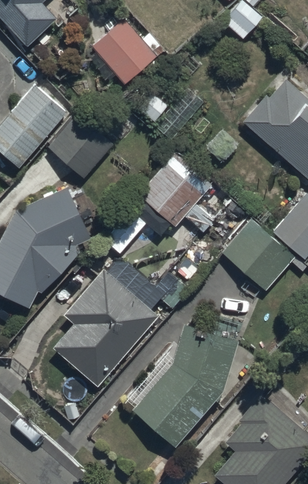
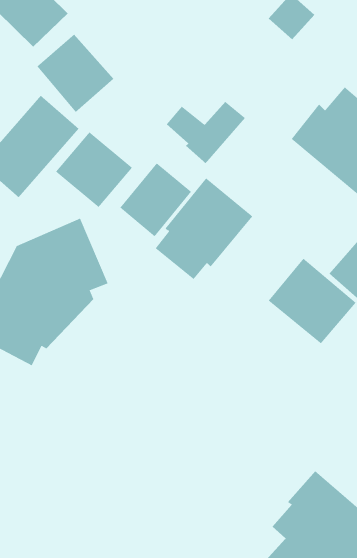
building: [91,20,155,85] -> [37,34,114,113]
building: none -> [119,162,192,237]
building: [53,269,157,386] -> none
building: [133,324,238,447] -> none

